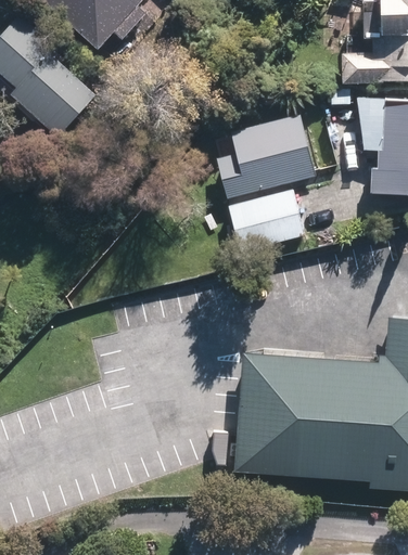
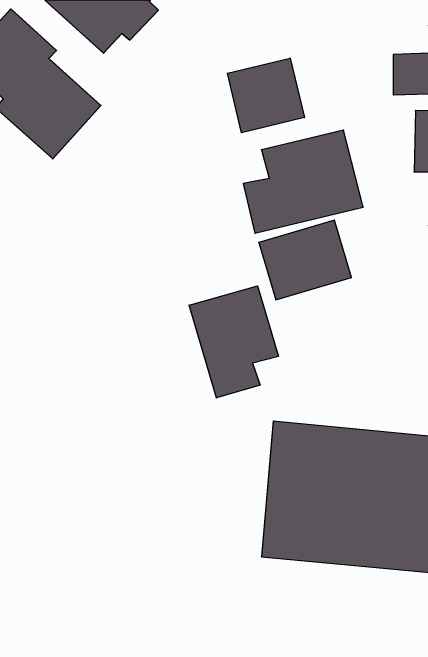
building: none -> [227,58,304,133]
building: none -> [189,286,278,398]

